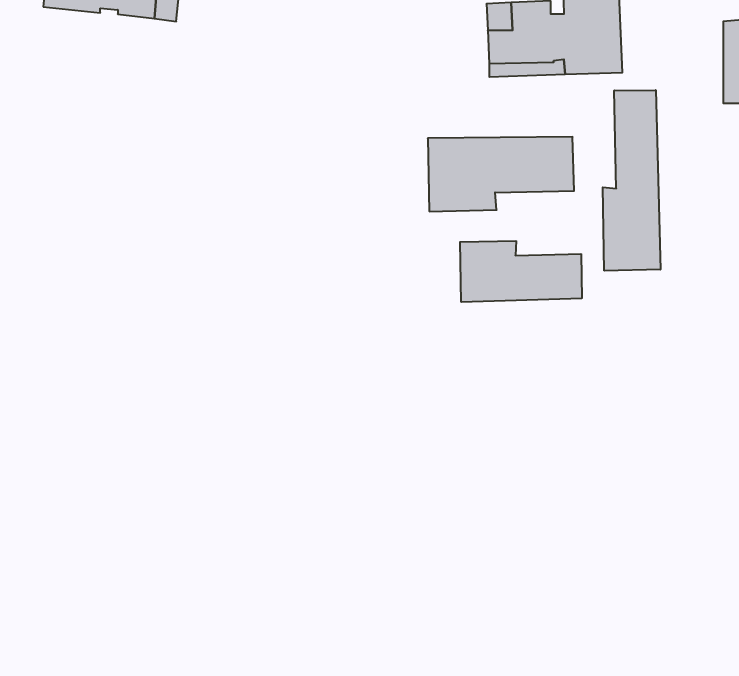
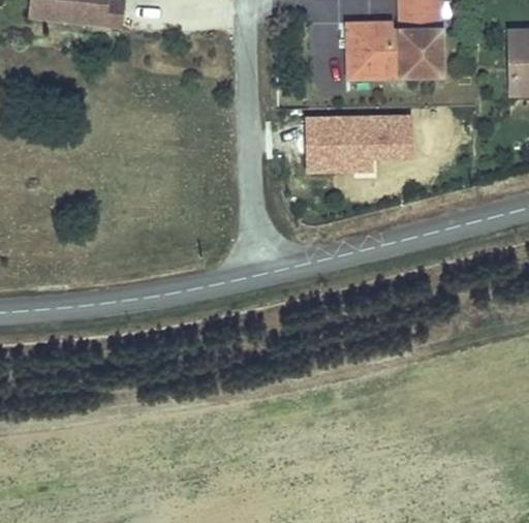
building: [603,90,660,271] -> none
building: [460,241,582,302] -> none

